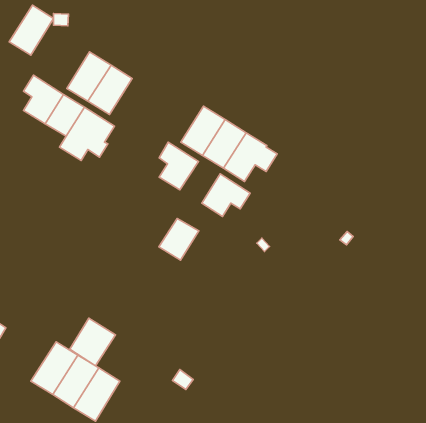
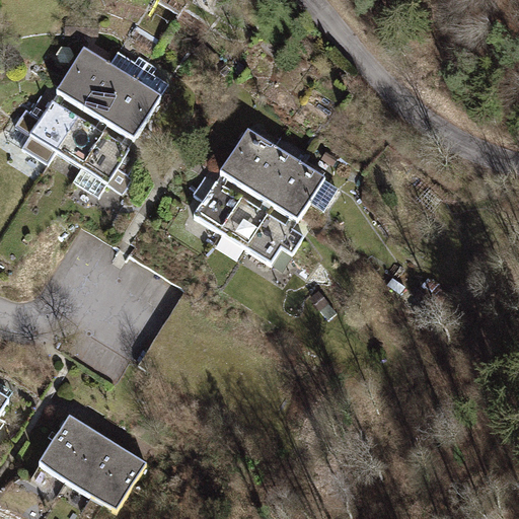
building: [9,5,54,55] -> [55,47,108,107]
building: [159,218,199,260] -> [218,196,267,246]
building: [70,318,116,366] -> none

